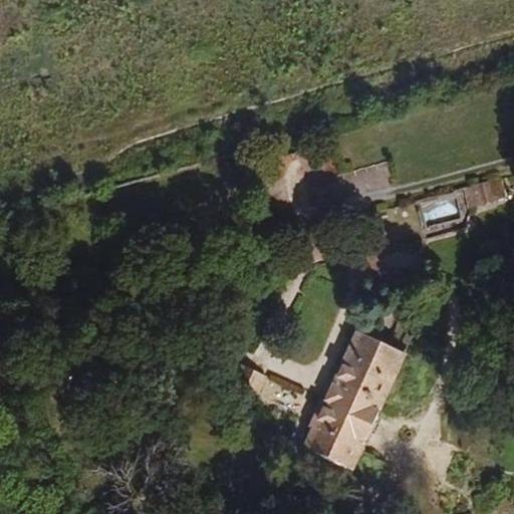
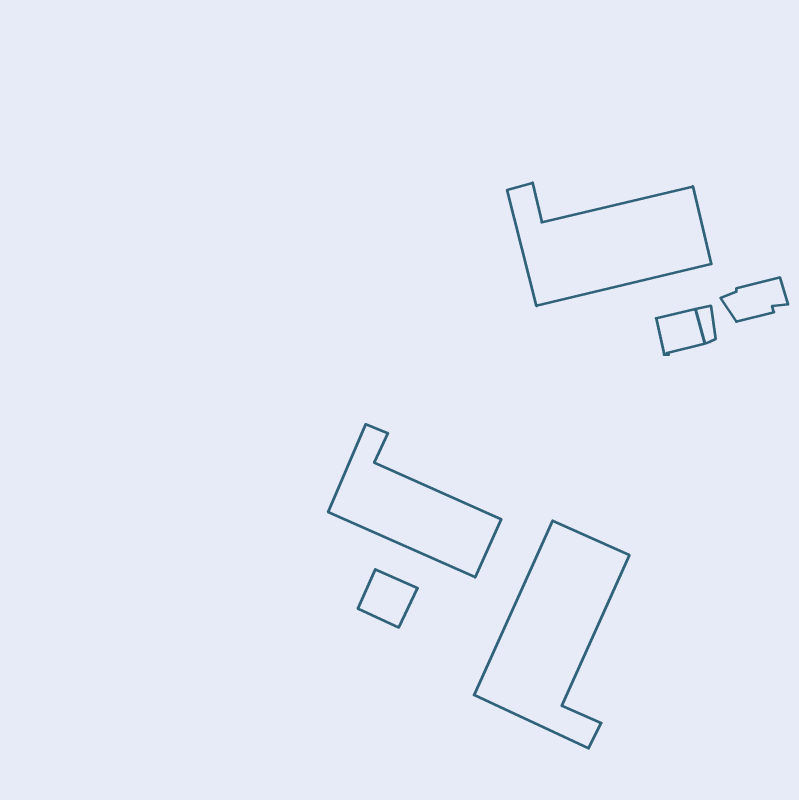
building: none -> [507,183,711,306]
building: none -> [328,424,501,577]

